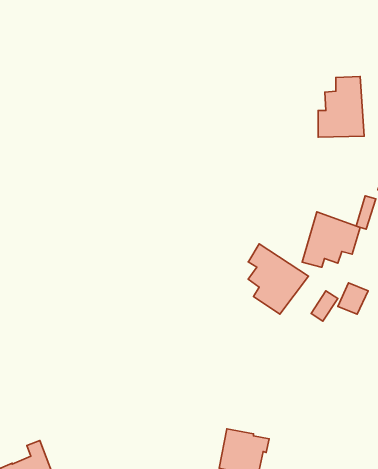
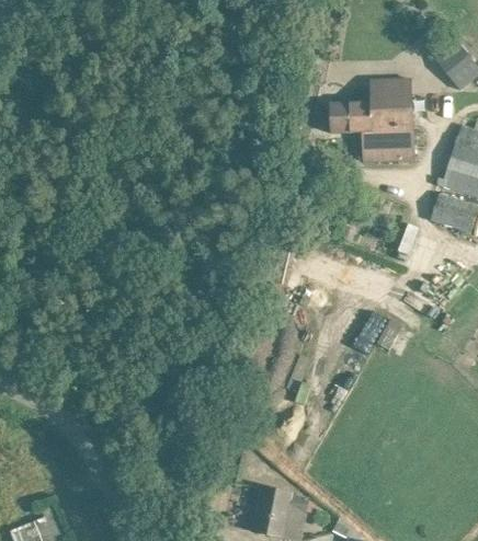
building: none -> [329,79,409,133]
building: [302,212,360,267] -> none
building: [248,244,309,314] -> none

